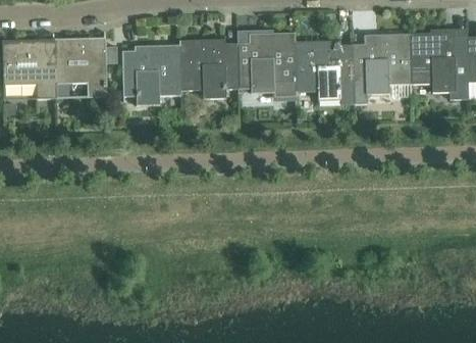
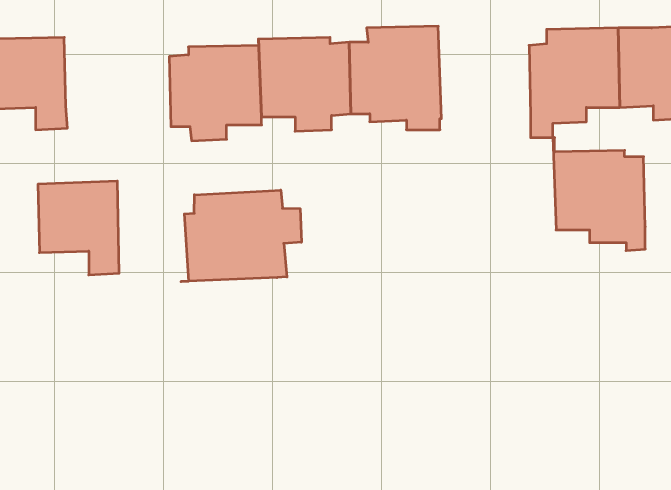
building: [295,32,354,104] -> [553,138,645,251]
building: [55,37,107,97] -> [38,181,119,275]
building: none -> [181,190,301,282]

